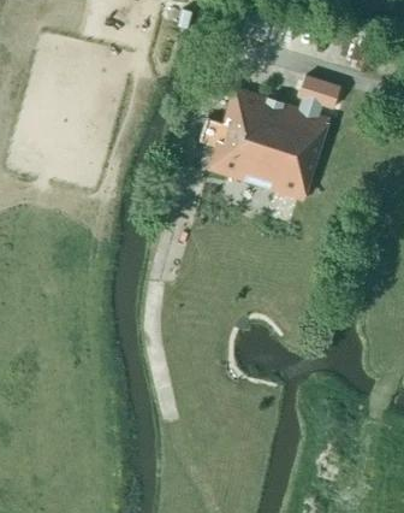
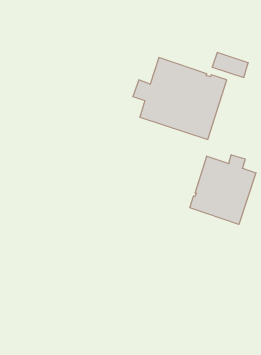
building: none -> [190,155,256,224]

